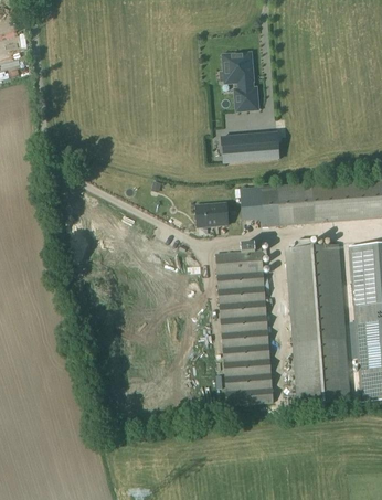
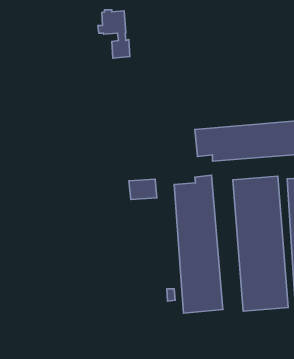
building: [219,52,256,109] -> [98,10,130,58]
building: [221,131,278,162] -> none
building: [194,203,227,227] -> [129,179,157,200]

